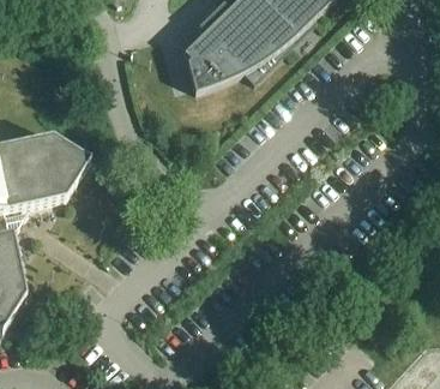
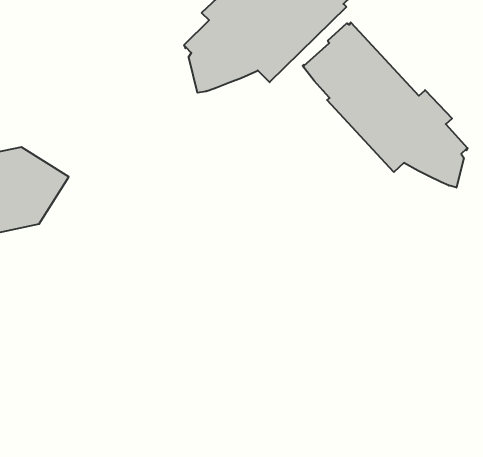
building: none -> [303,22,468,188]

